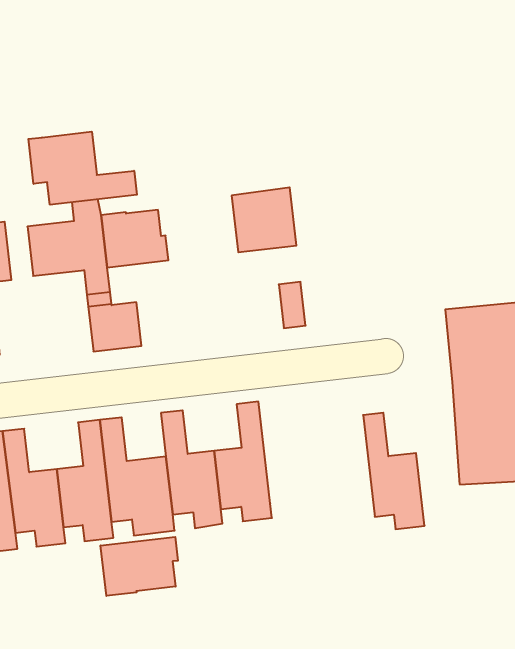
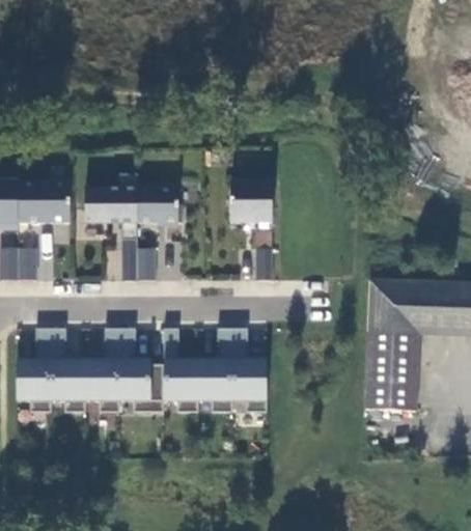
building: [28,132,137,205] -> none
building: [363,413,425,529] -> [232,329,267,412]
building: [101,537,178,596] -> none

